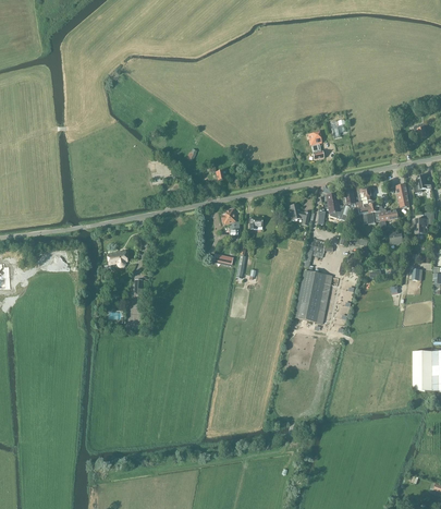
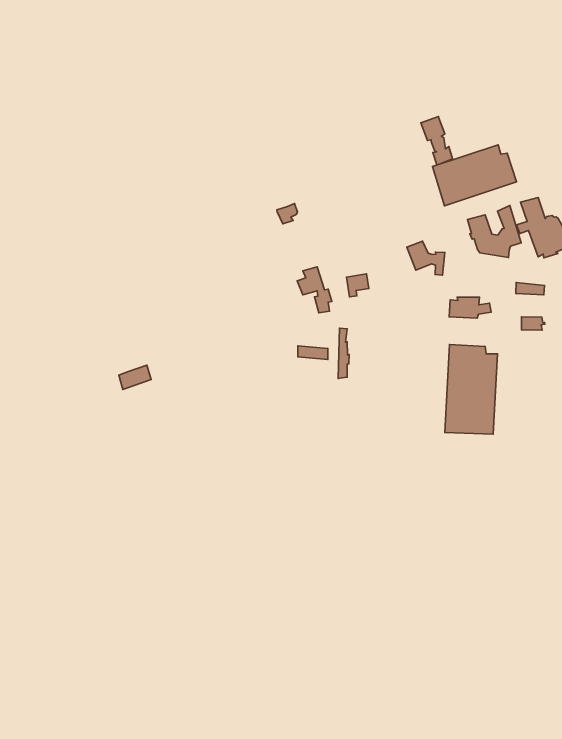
building: none -> [432,145,517,206]

